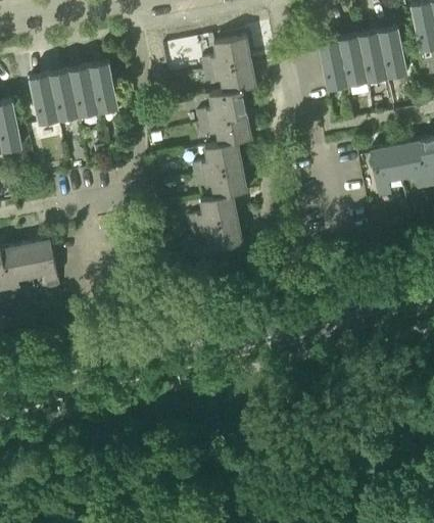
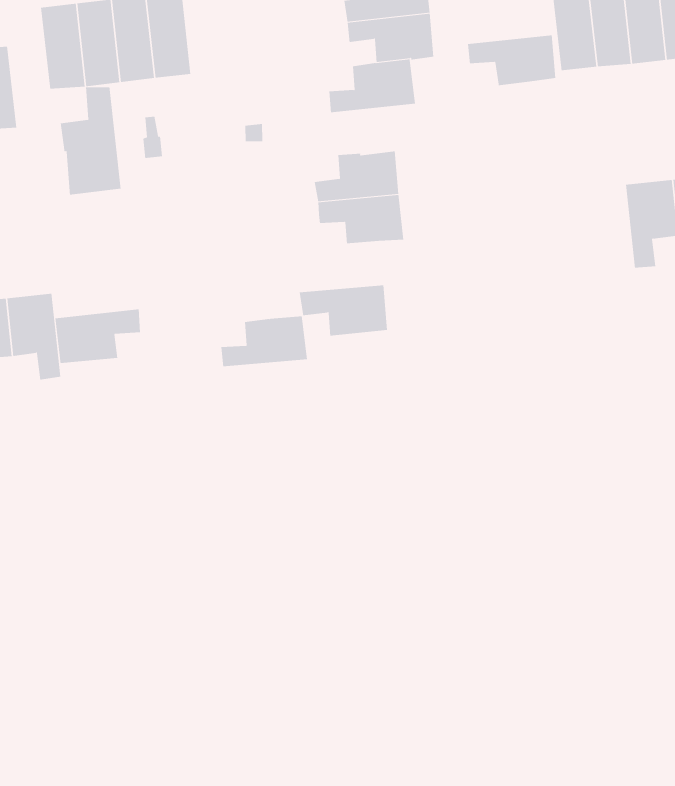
building: [199,115,251,147] -> [467,35,556,86]
building: none -> [60,87,121,195]
building: [188,195,238,228] -> [221,316,308,367]
building: none -> [55,308,140,364]

